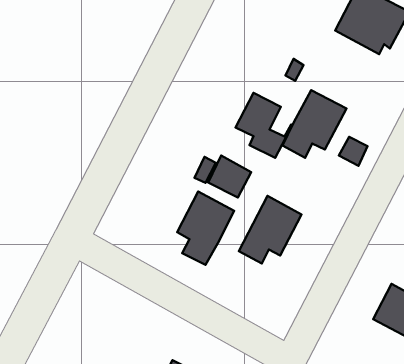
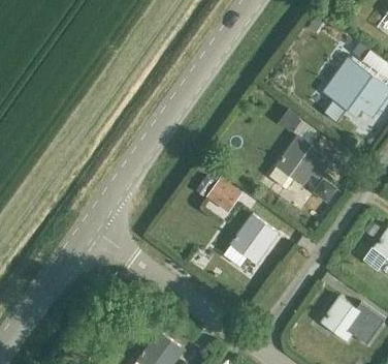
building: [235,93,293,158] -> none
building: [177,192,234,265] -> none

